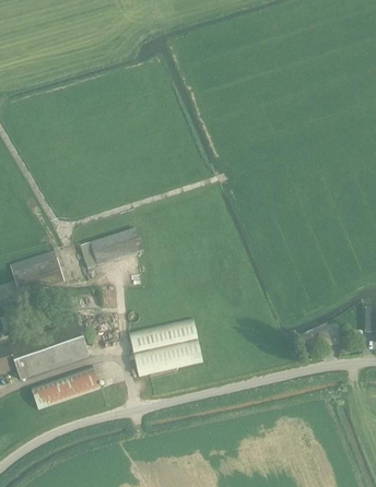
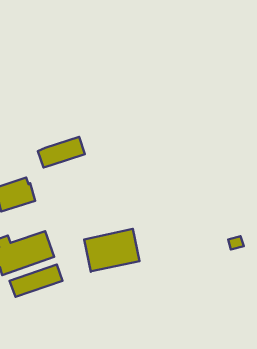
building: [80,228,142,269] -> [38,137,85,168]

